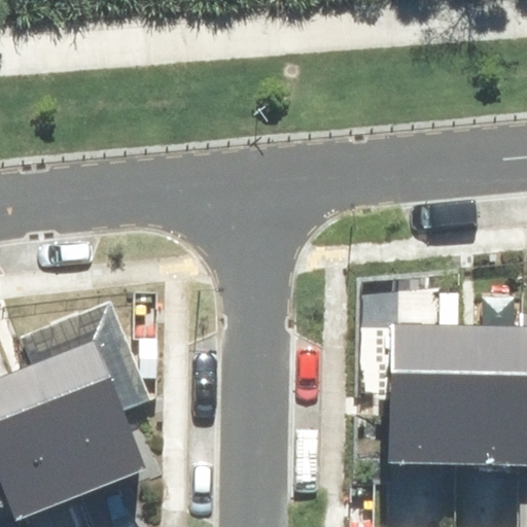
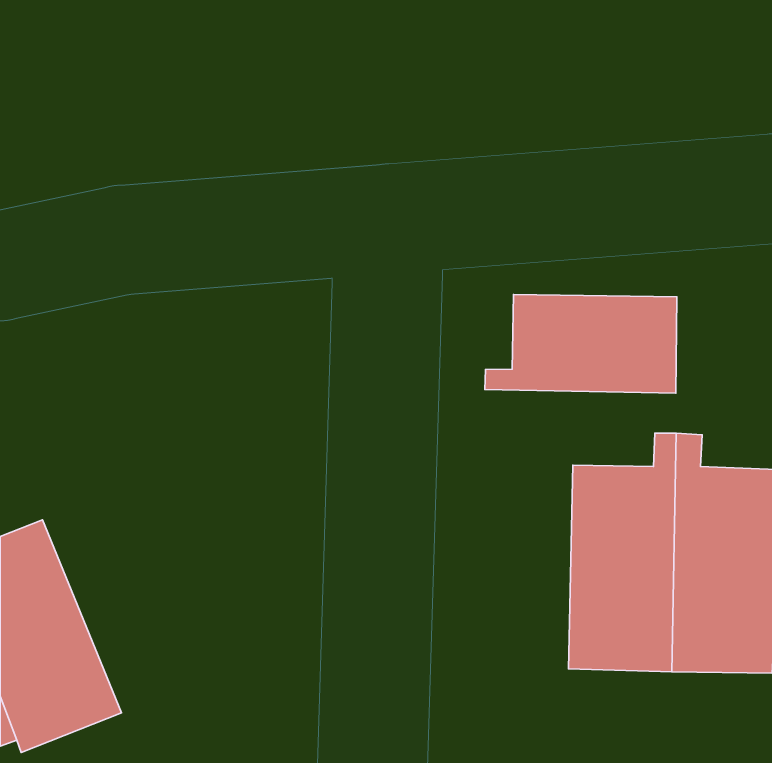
building: none -> [485,294,677,393]
building: [32,337,148,492] -> none

